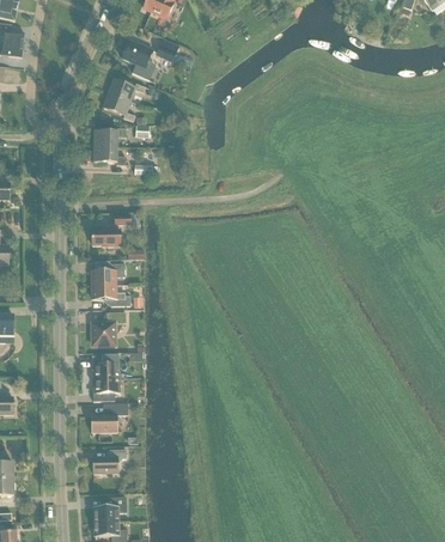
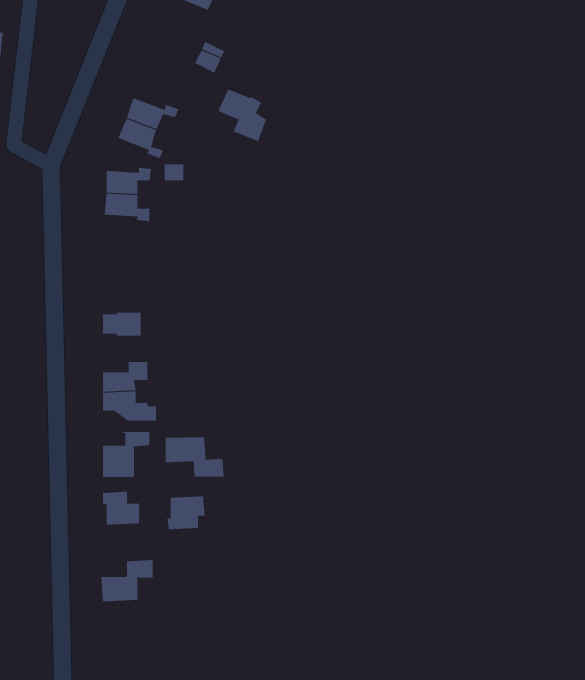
building: [121,42,156,79] -> [217,89,267,142]
building: none -> [165,436,224,477]
building: [92,377,120,401] -> [166,496,206,530]
building: [93,449,126,473] -> none

